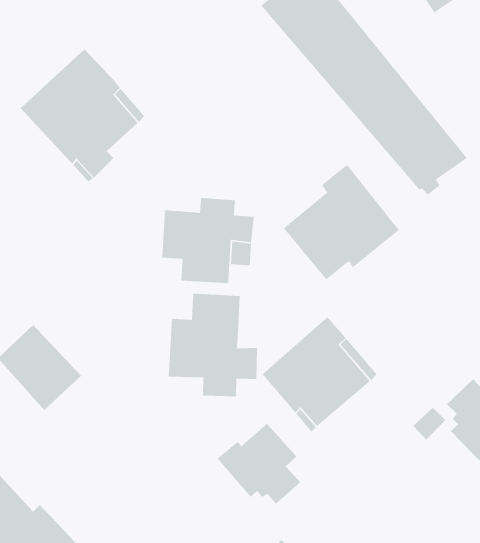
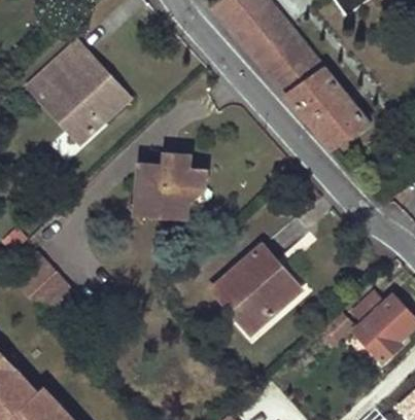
building: [283,164,400,281] -> none
building: [168,293,258,397] -> none
building: [217,423,301,505] -> none

